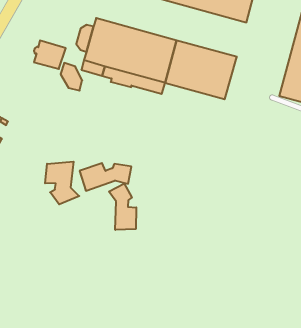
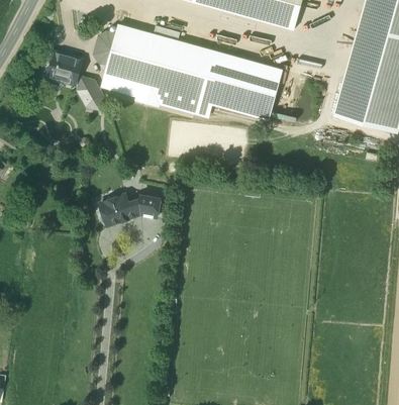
building: [45,162,79,204] -> none
building: [109,183,136,230] -> none

